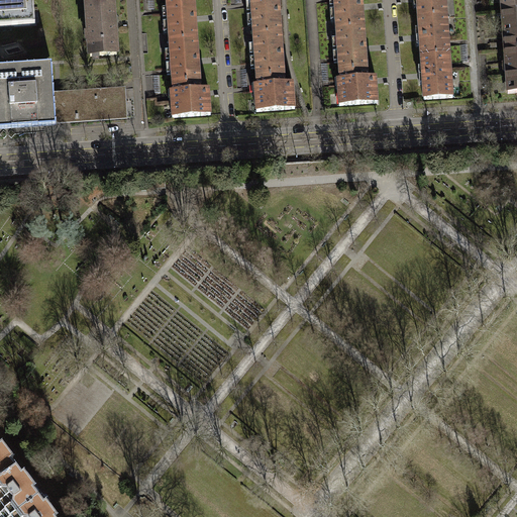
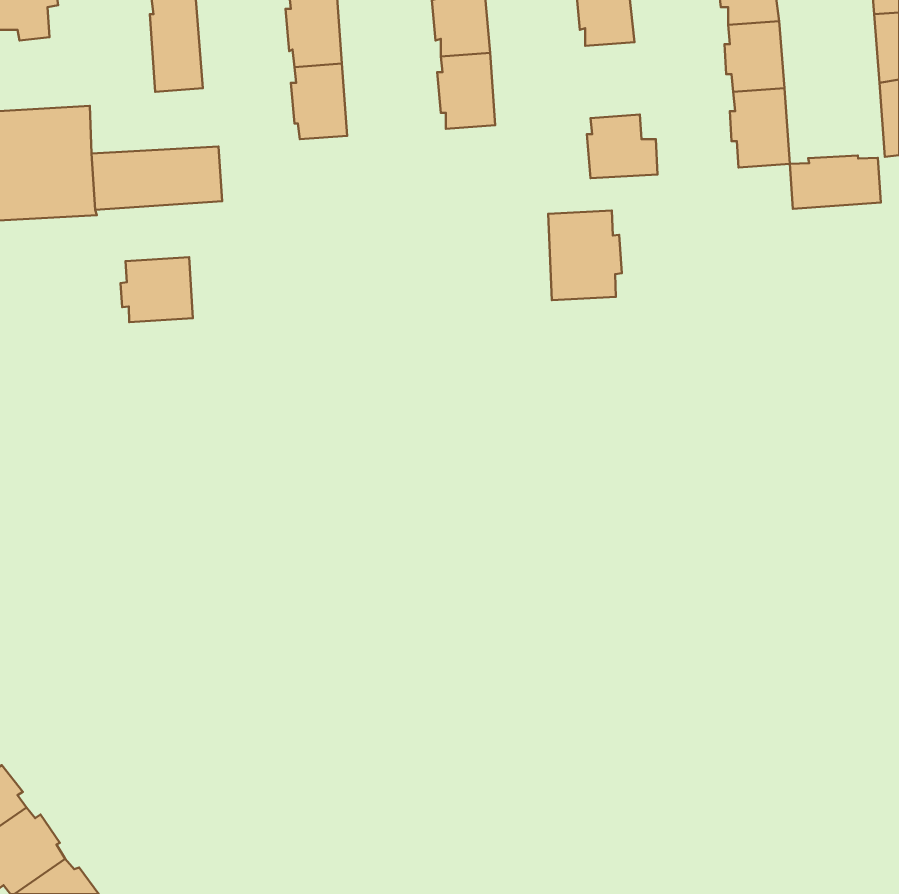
building: [334,24,367,68] -> none
building: [254,72,294,108] -> none
building: [170,78,210,114] -> none
building: none -> [790,155,881,209]
building: none -> [548,211,622,300]
building: none -> [120,257,193,322]

